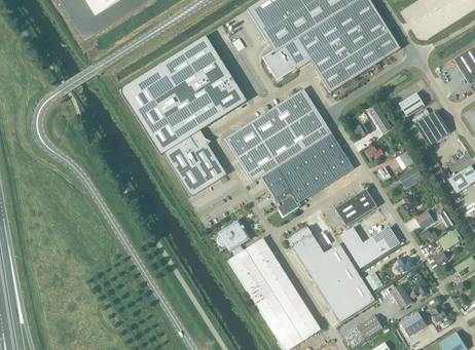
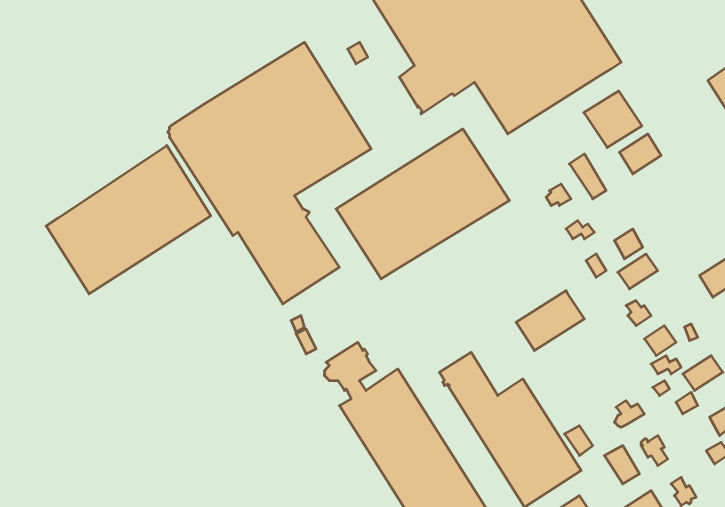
building: none -> [46,145,211,294]
building: [414,110,450,145] -> [584,91,642,148]
building: [260,132,353,216] -> none
building: [339,225,400,268] -> none

